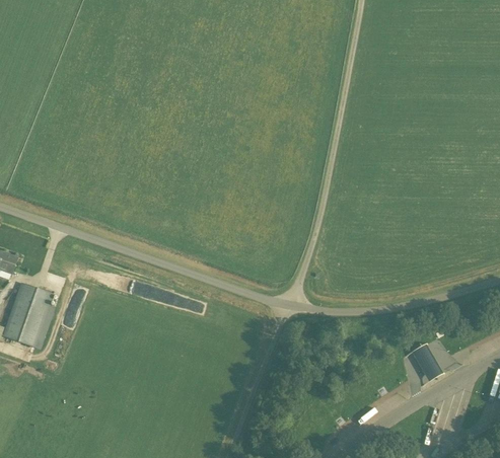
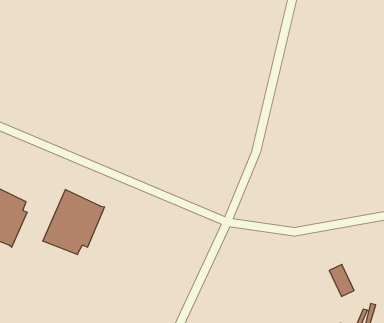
building: none -> [43,189,105,255]

